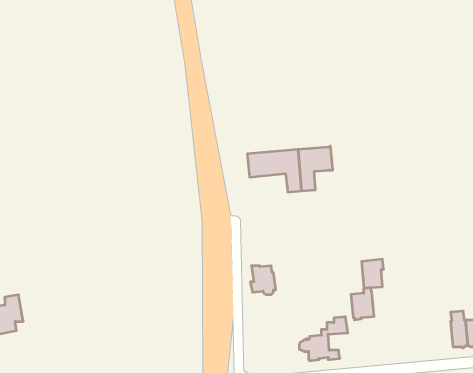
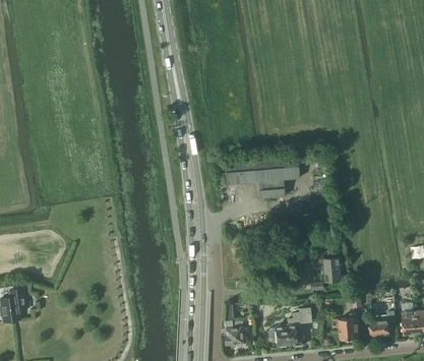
building: [250,266,276,295] -> [223,321,245,347]
building: [351,288,374,320] -> [339,313,359,342]
building: none -> [370,311,396,338]

